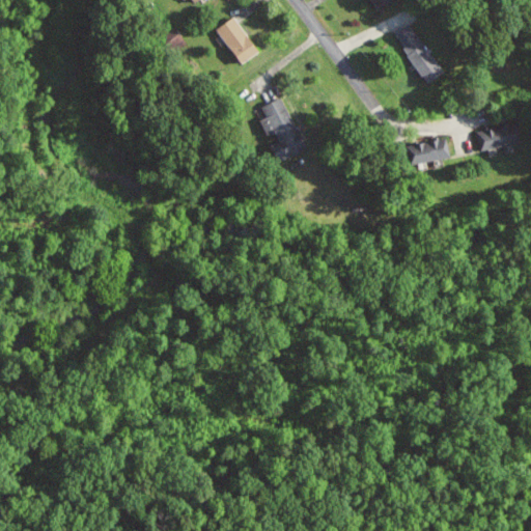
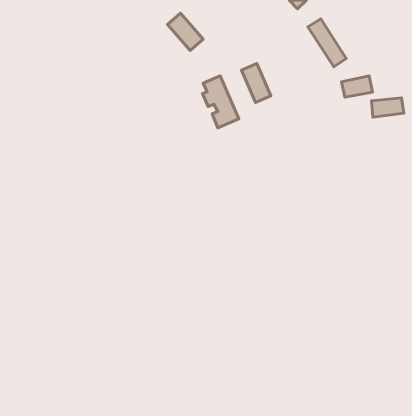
building: none -> [241,63,271,102]
building: [411,137,450,164] -> [342,76,372,97]

